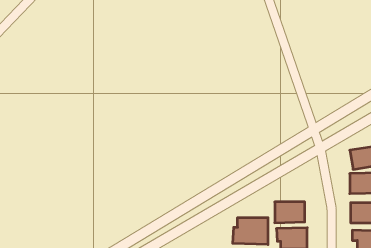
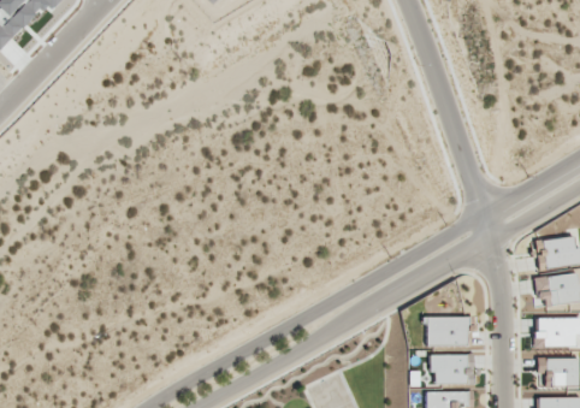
building: [233,218,268,245] -> none

